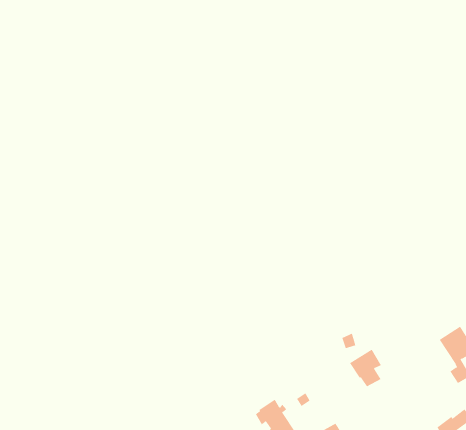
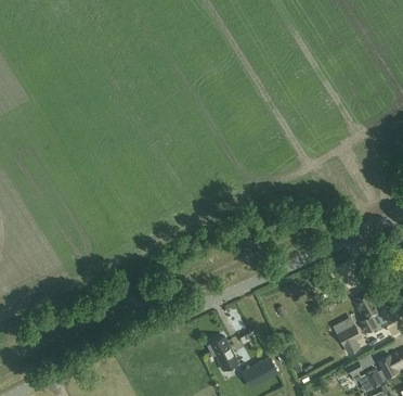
building: [349,349,382,387] -> [336,324,361,354]

